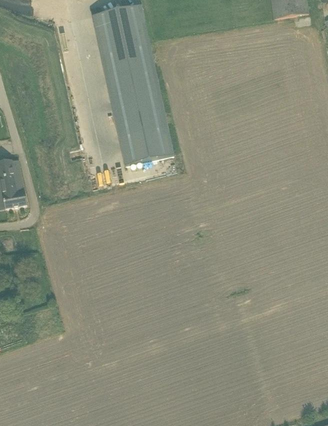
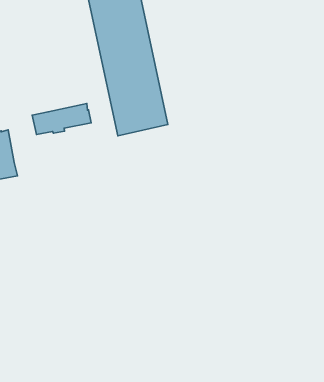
building: none -> [32,103,91,135]

